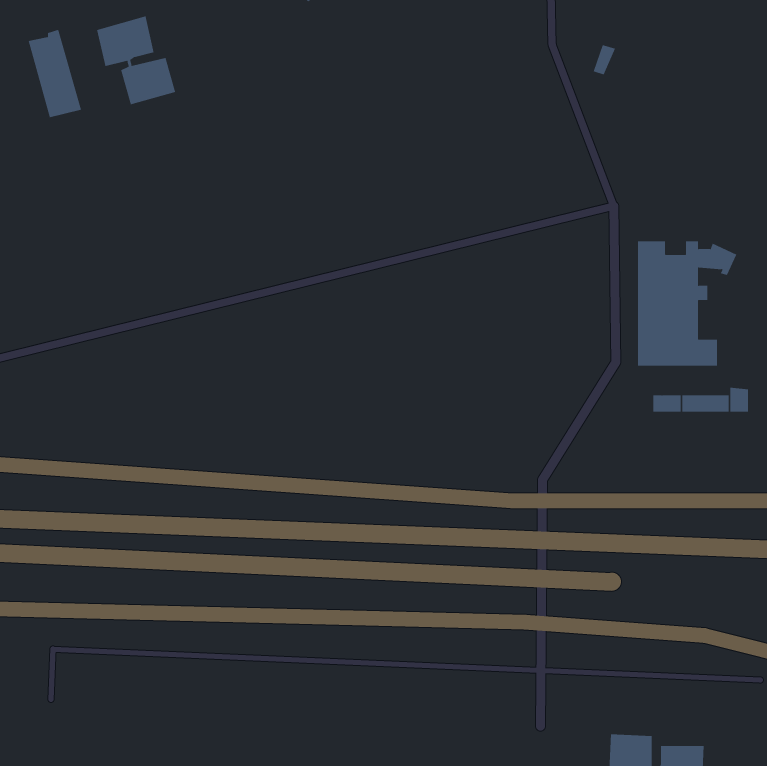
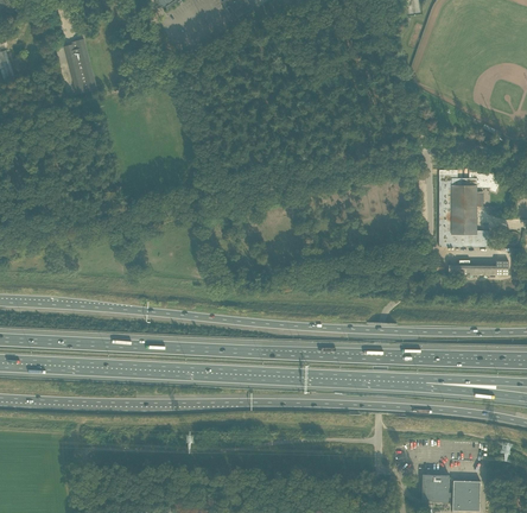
building: [97,16,176,105] -> none

